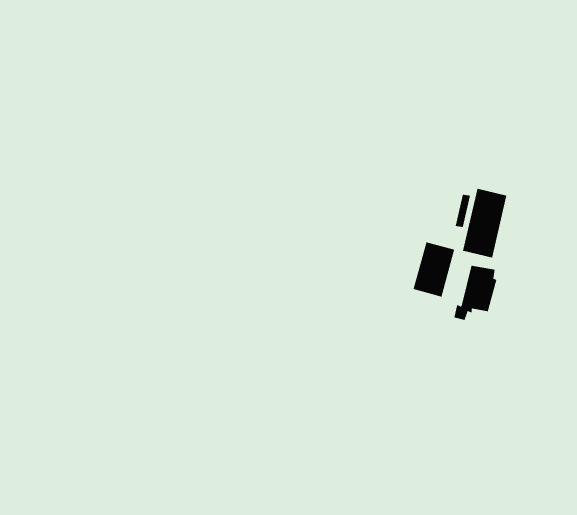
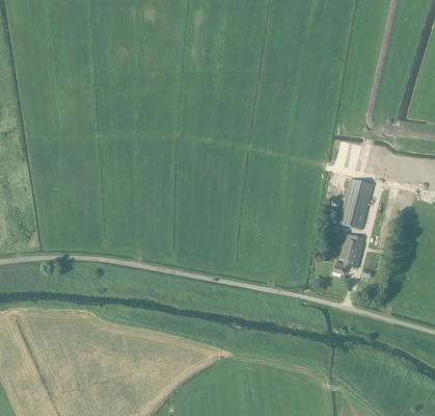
building: [413,241,455,297] -> none

